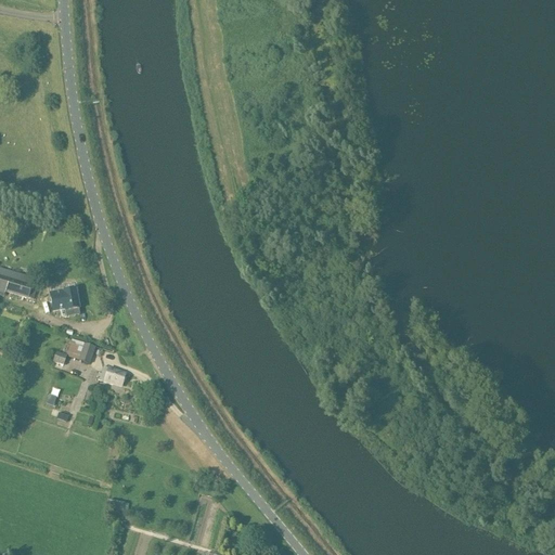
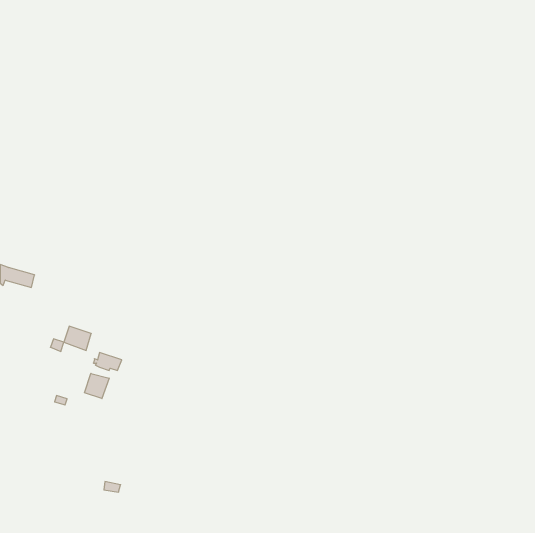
building: [50,287,80,314] -> none
building: none -> [85,373,109,399]

